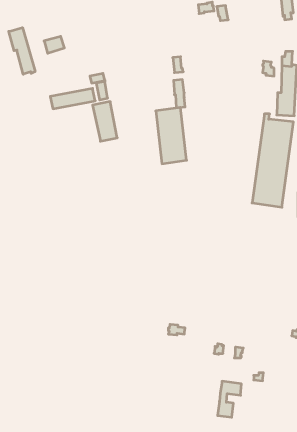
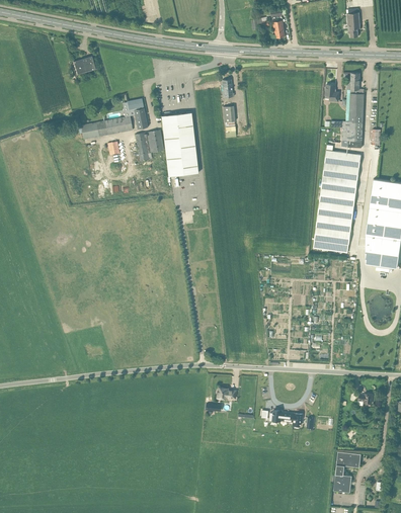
building: [9,28,35,74] -> none
building: [156,107,187,164] -> [163,111,198,176]
building: [218,381,241,417] -> [333,450,360,492]

